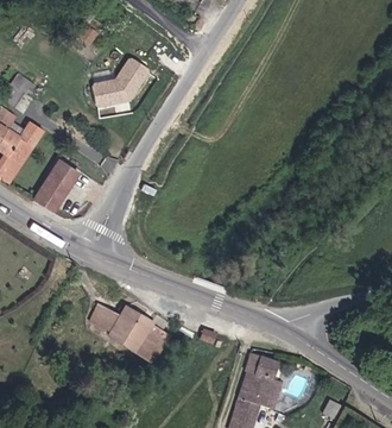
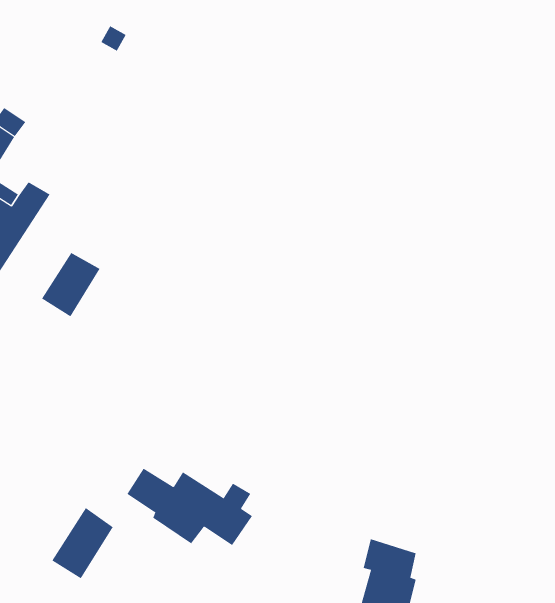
building: [91,56,152,109] -> none
building: none -> [51,507,113,579]

